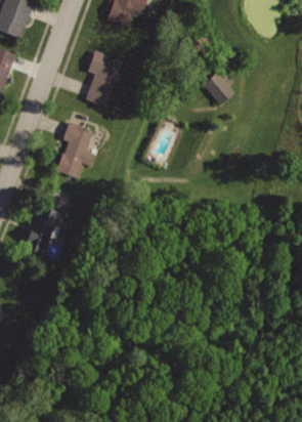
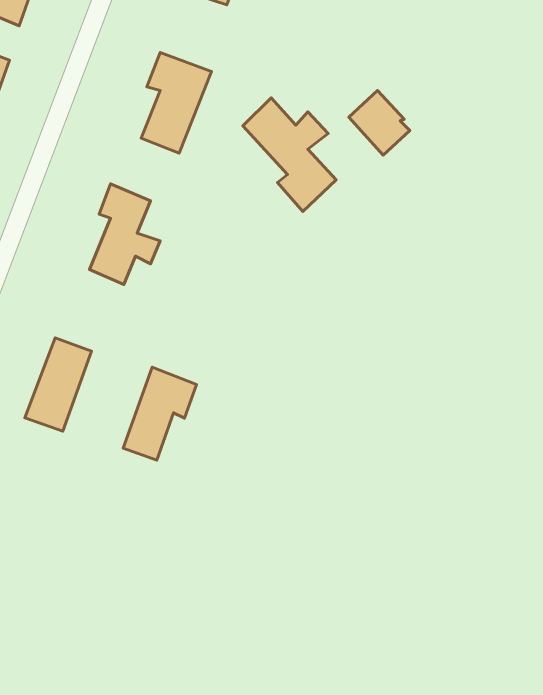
building: none -> [243,98,336,212]
building: none -> [123,367,197,460]

